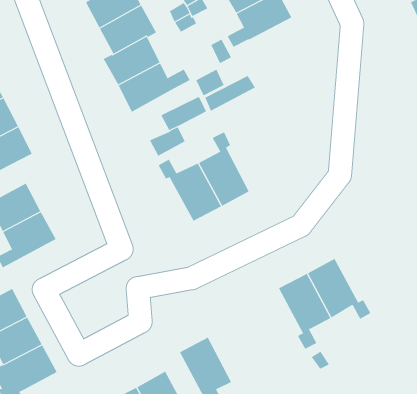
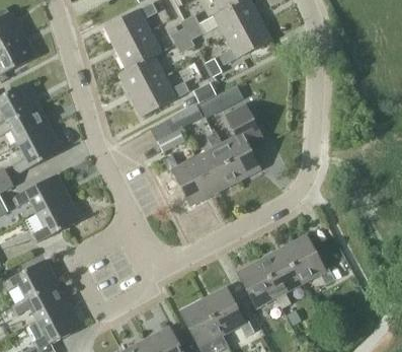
building: none -> [219,101,263,181]
building: none -> [237,259,279,307]
building: none -> [204,286,255,336]

